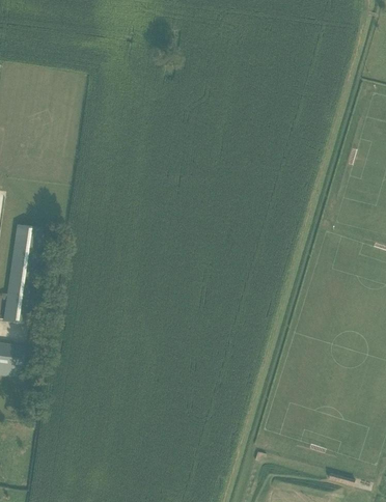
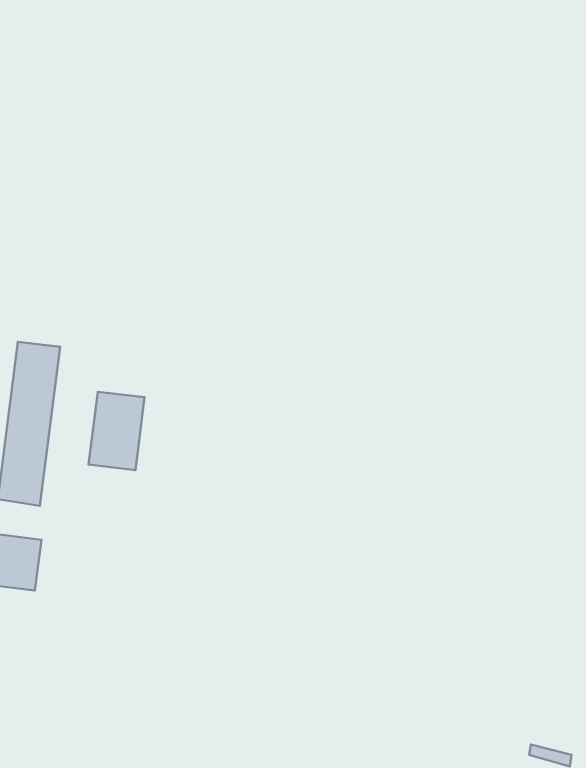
building: none -> [88,392,145,470]

